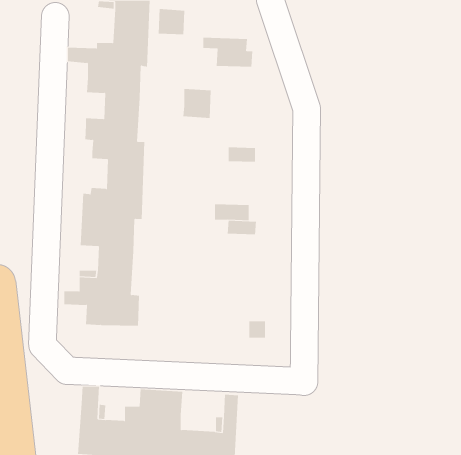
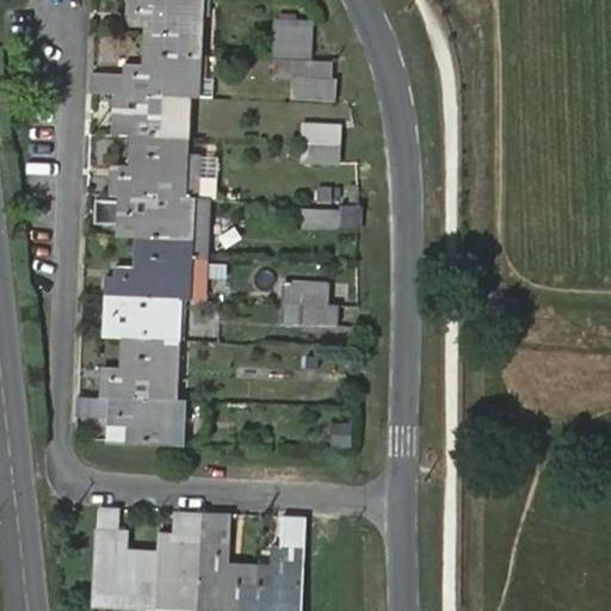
building: [158,9,185,35] -> [271,24,307,58]
building: [182,89,212,118] -> [301,121,339,160]

